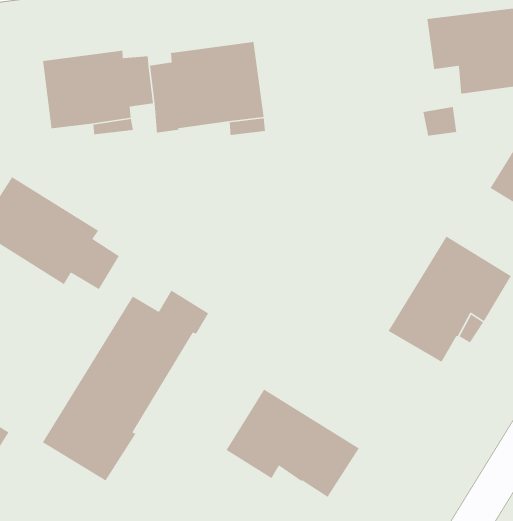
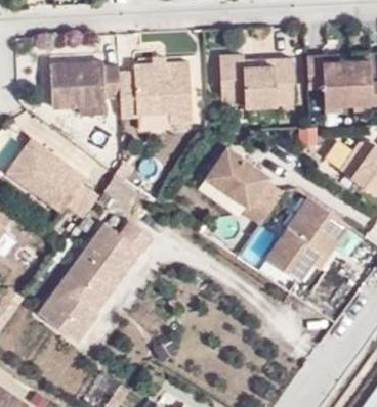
building: none -> [220,58,295,110]
building: none -> [203,148,282,227]
building: [226,389,360,498] -> none

